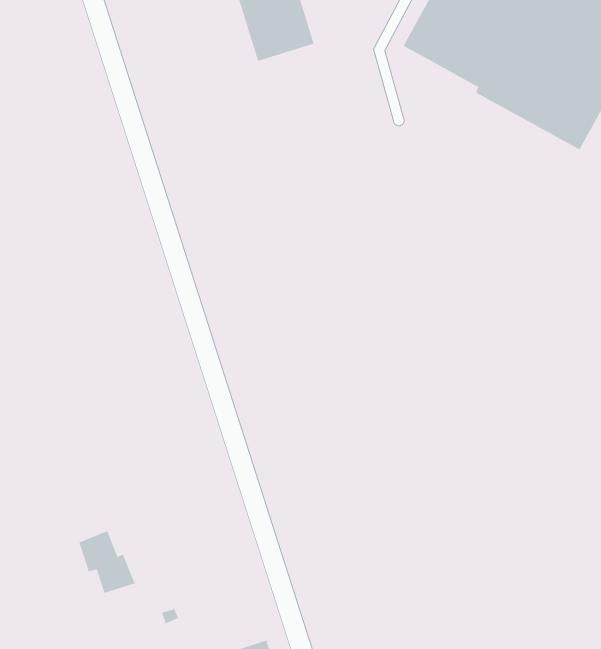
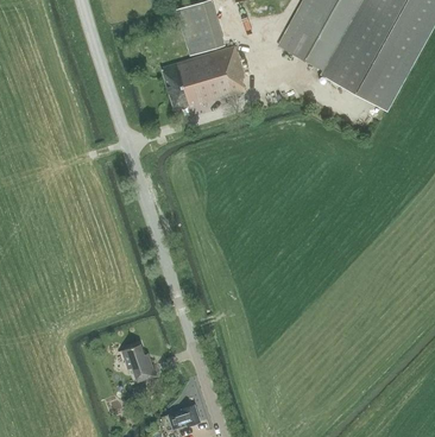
building: none -> [160,45,245,108]
building: [78,531,135,593] -> [121,343,156,381]

